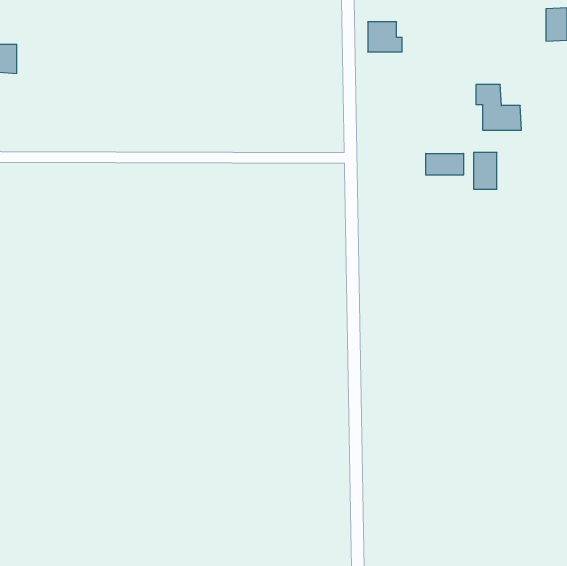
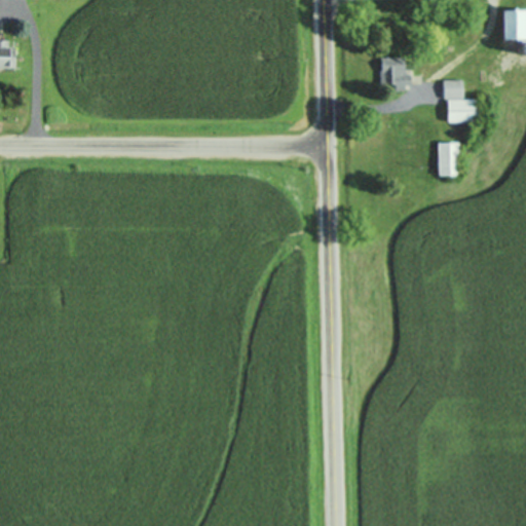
building: [368,22,402,52] -> [379,59,411,86]
building: [426,153,464,175] -> none

